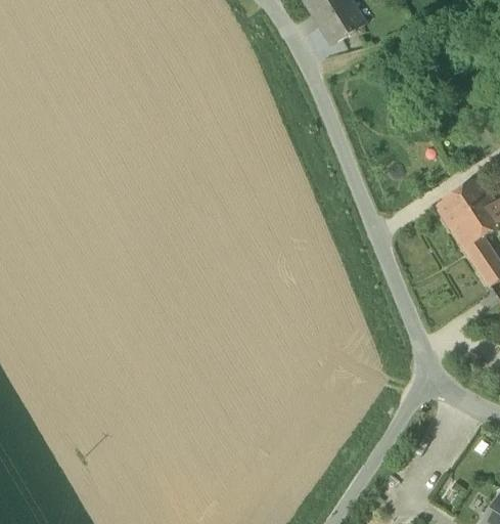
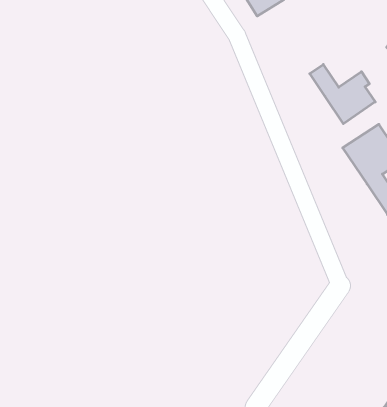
building: none -> [310,64,375,124]

